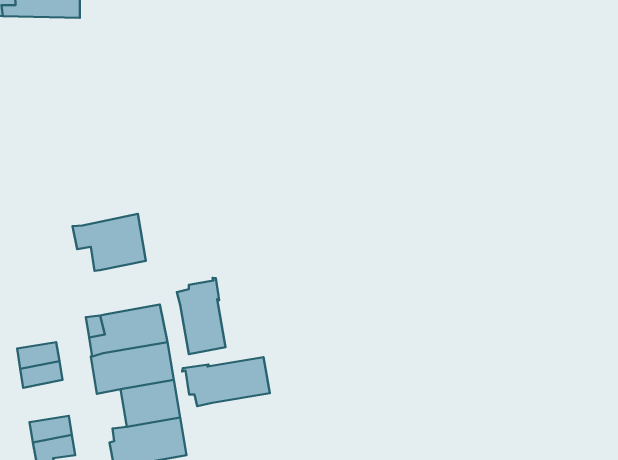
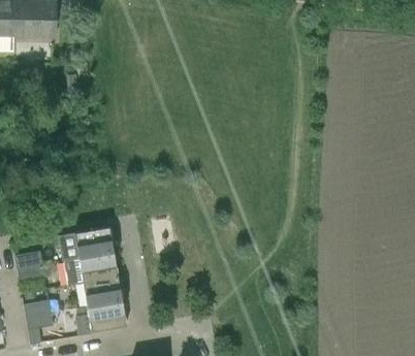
building: [73,214,146,271] -> none
building: [177,278,225,354] -> none
building: [182,357,270,406] -> none

